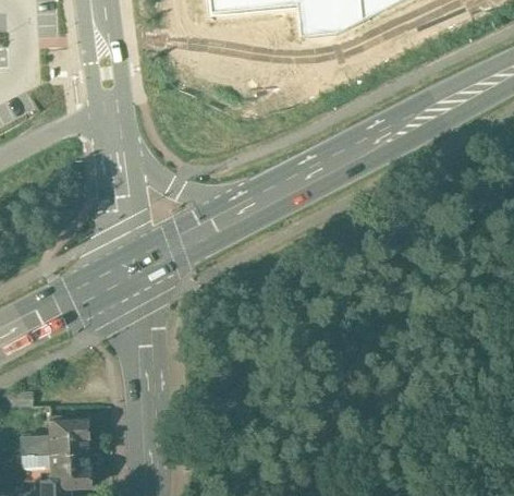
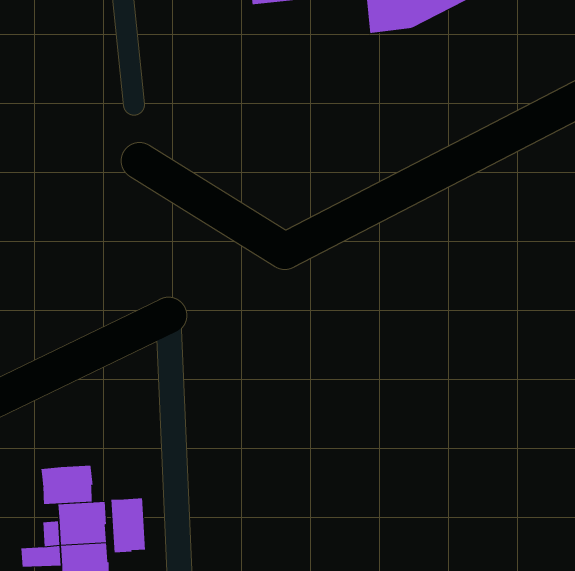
building: none -> [41,465,93,505]
building: none -> [111,498,146,553]

